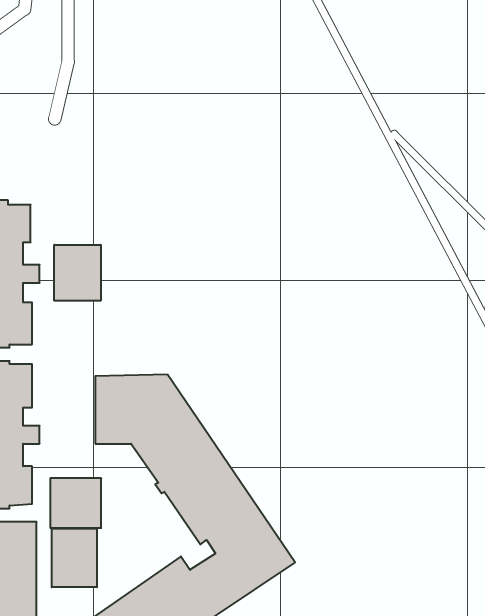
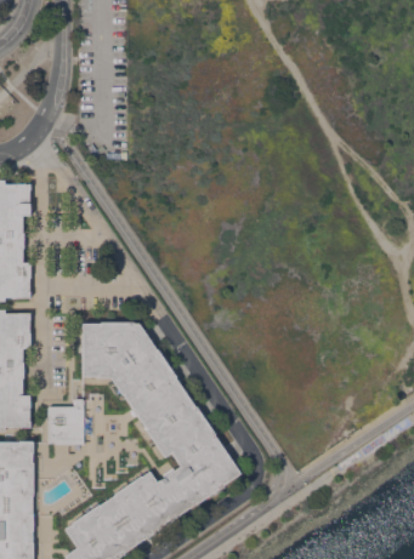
building: [54,245,101,301] -> none
building: [52,528,97,587] -> none

